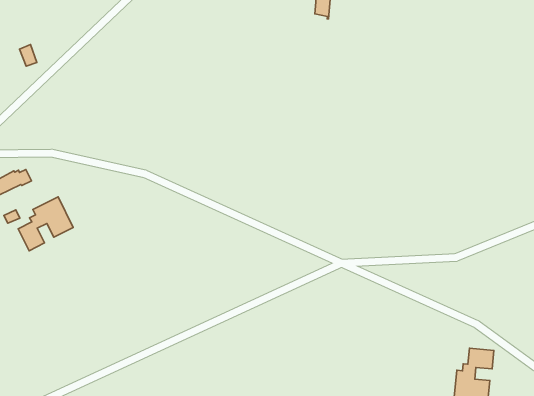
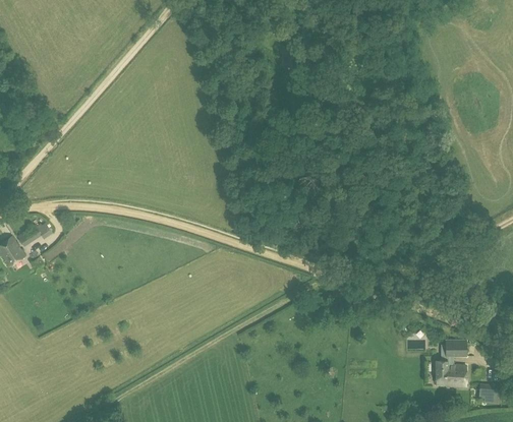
building: [18,197,73,251] -> none

